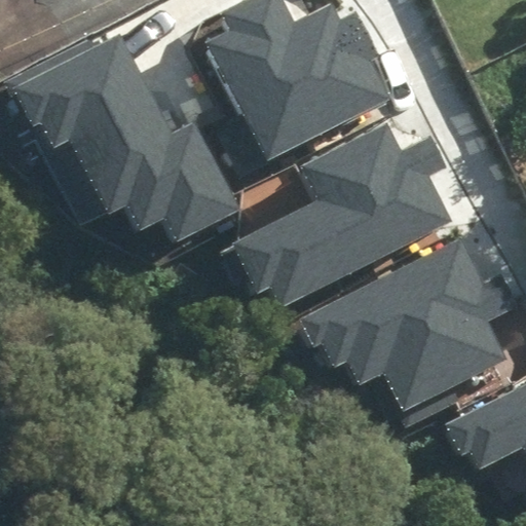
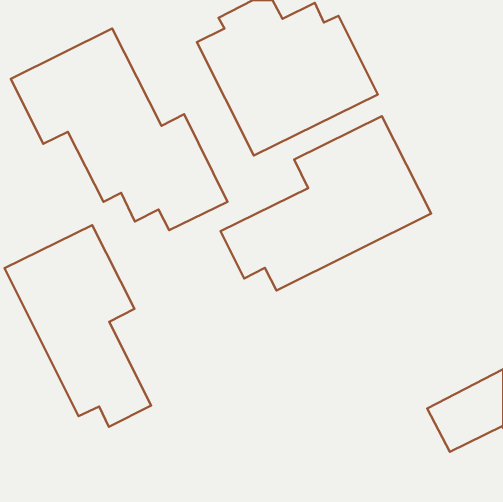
building: [299,231,511,407] -> none
building: none -> [5,225,151,427]

